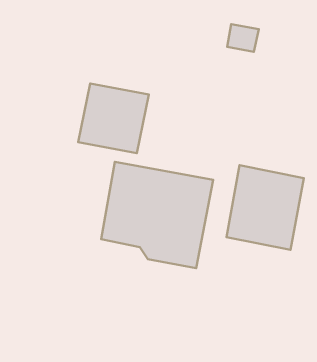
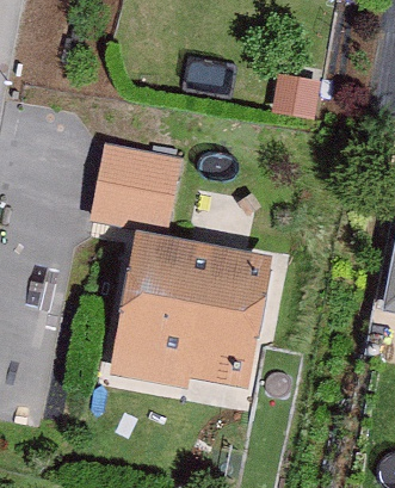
building: [226,165,304,250] -> none

